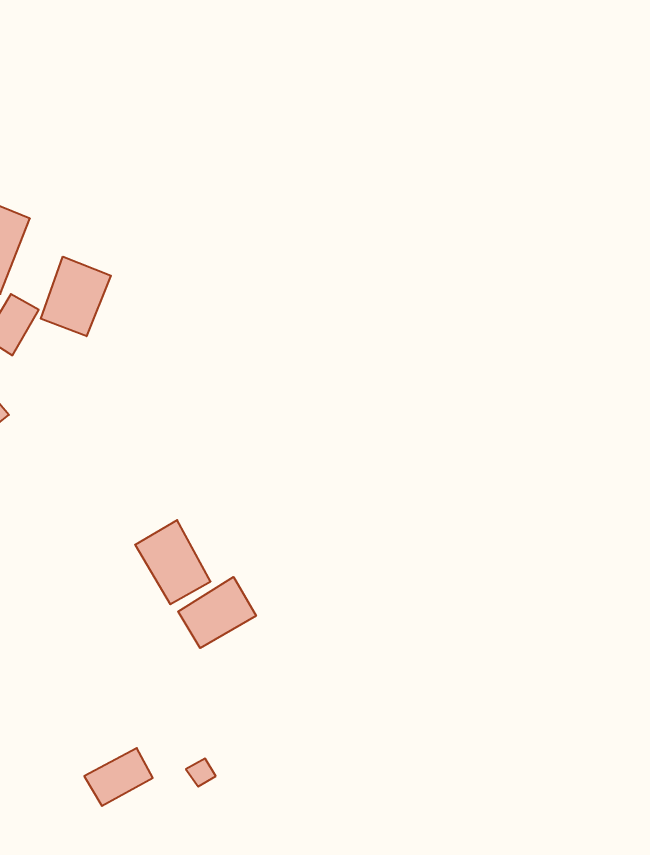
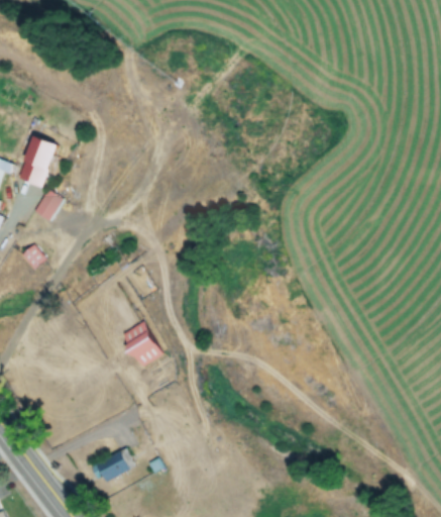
building: [41,257,111,336] -> none
building: [178,577,256,648] -> none

